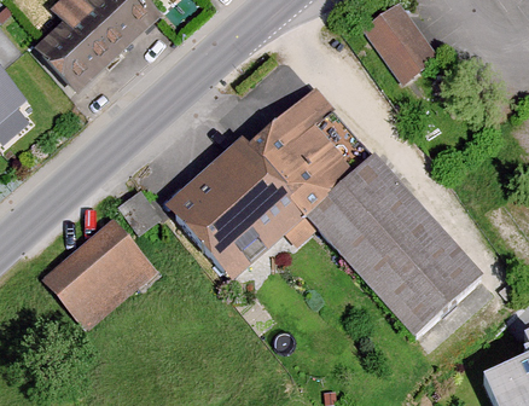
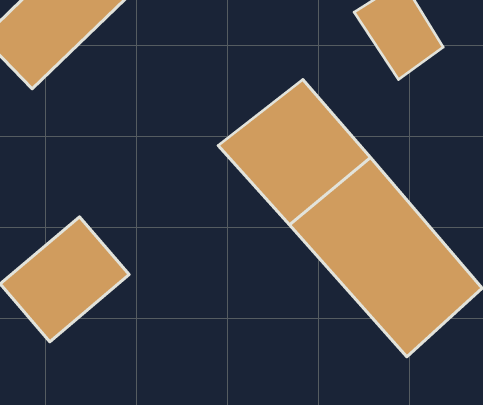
building: [164,145,306,285] -> none

